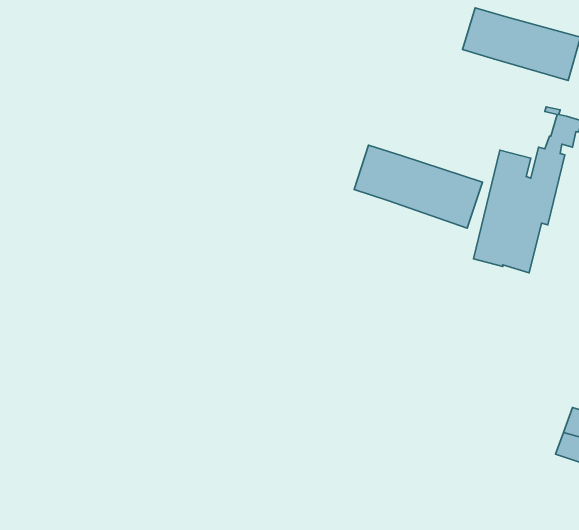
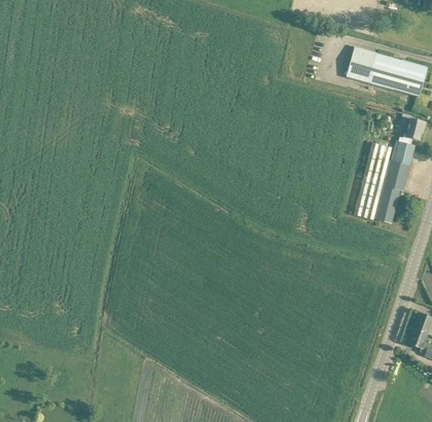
building: [354,145,482,228] -> none

